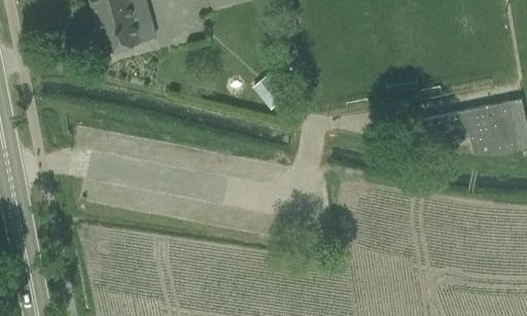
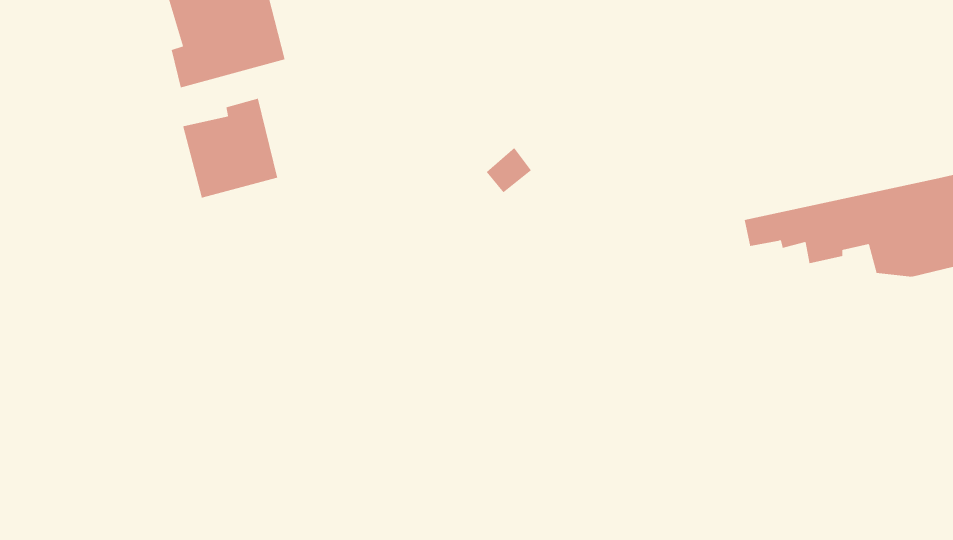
building: none -> [183,98,278,198]

